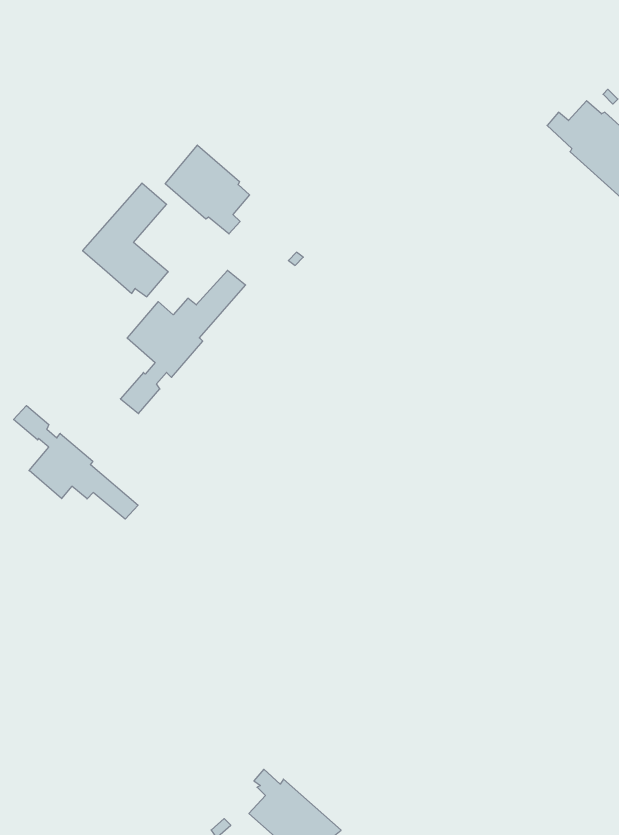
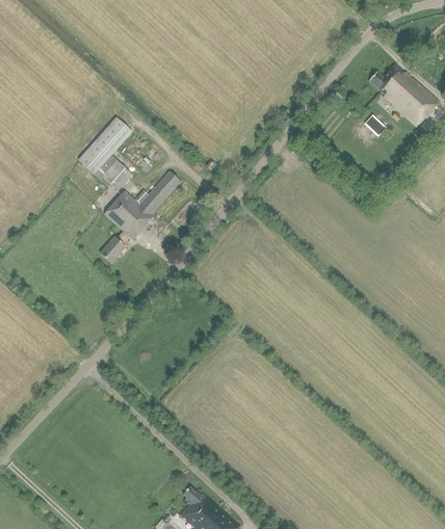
building: [165,145,250,234] -> none
building: [14,406,138,519] -> none

